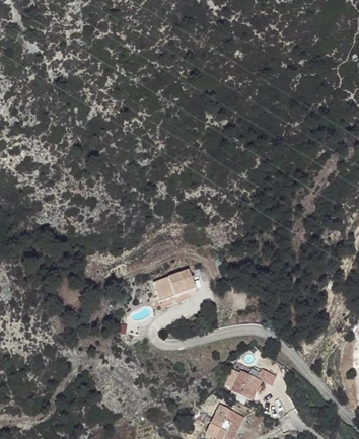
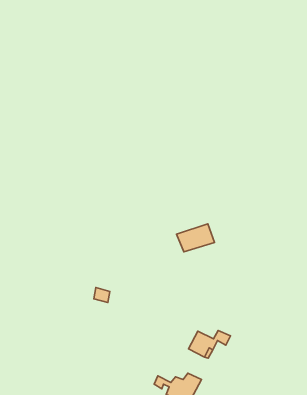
building: [154,270,196,300] -> [176,224,214,252]

